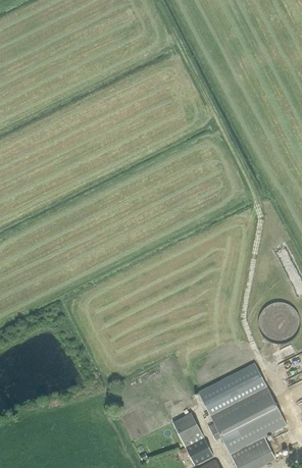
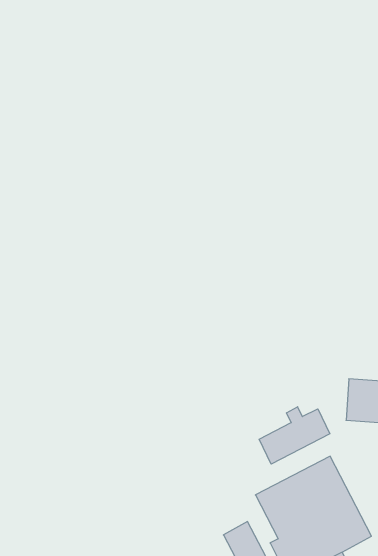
building: none -> [259,407,330,464]

